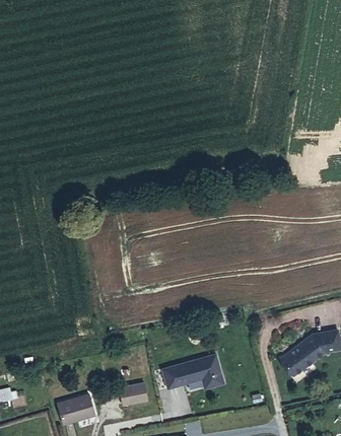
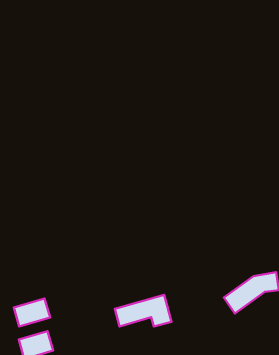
building: none -> [14,299,50,327]
building: [119,383,147,406] -> none

